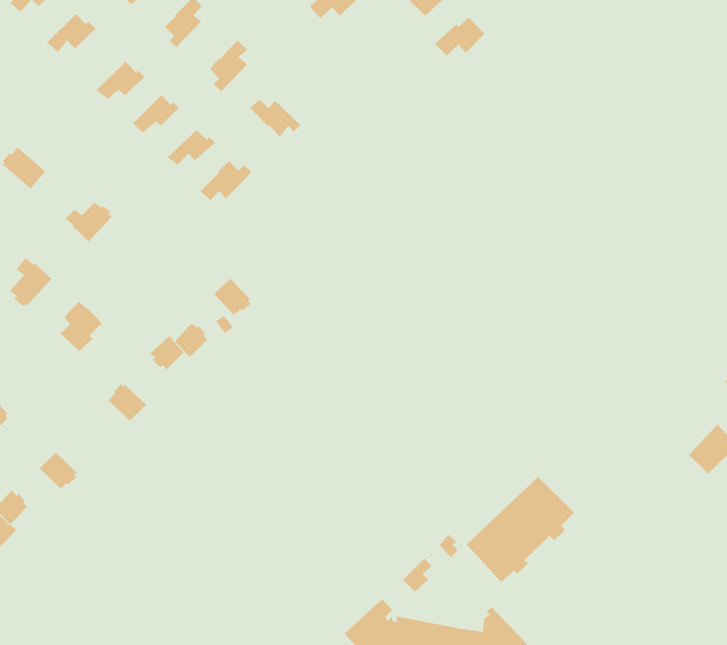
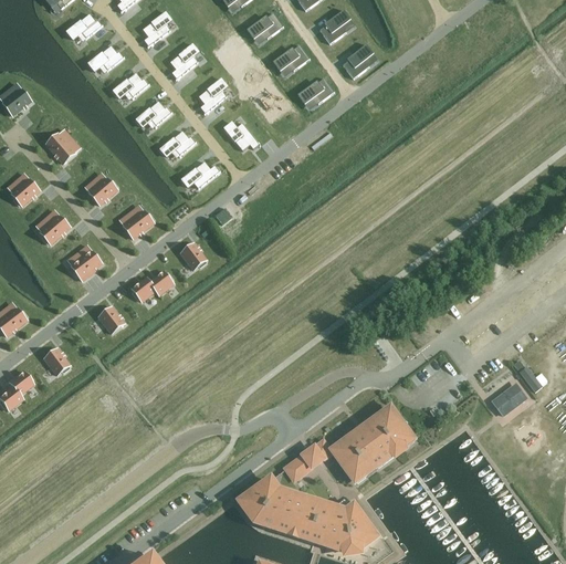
building: [434,17,485,56] -> [297,79,334,104]
building: none -> [119,209,154,238]

